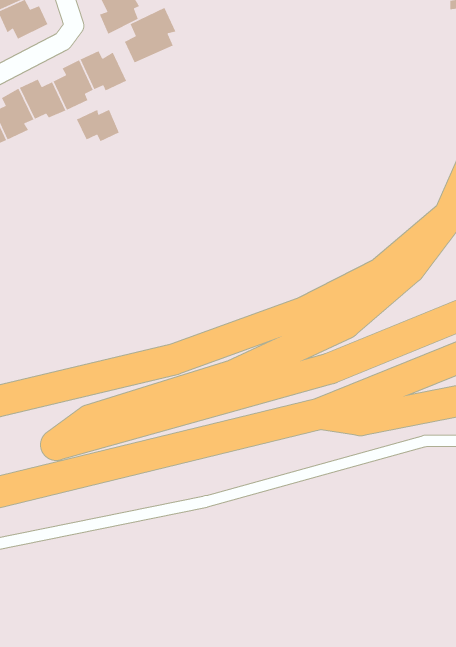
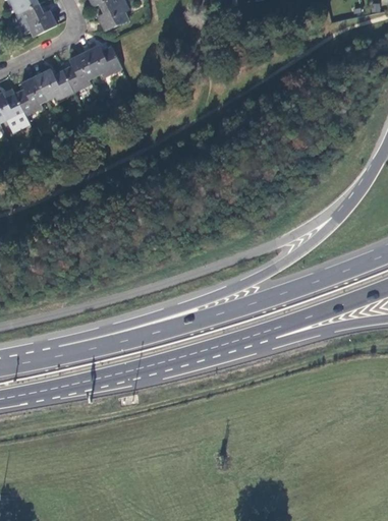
building: [124,7,176,63] -> none
building: [76,109,120,142] -> none

